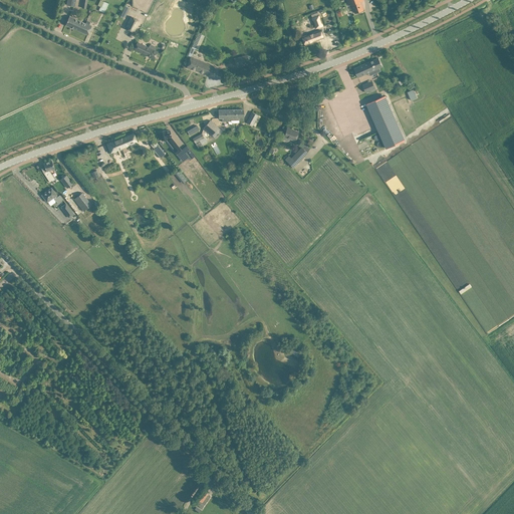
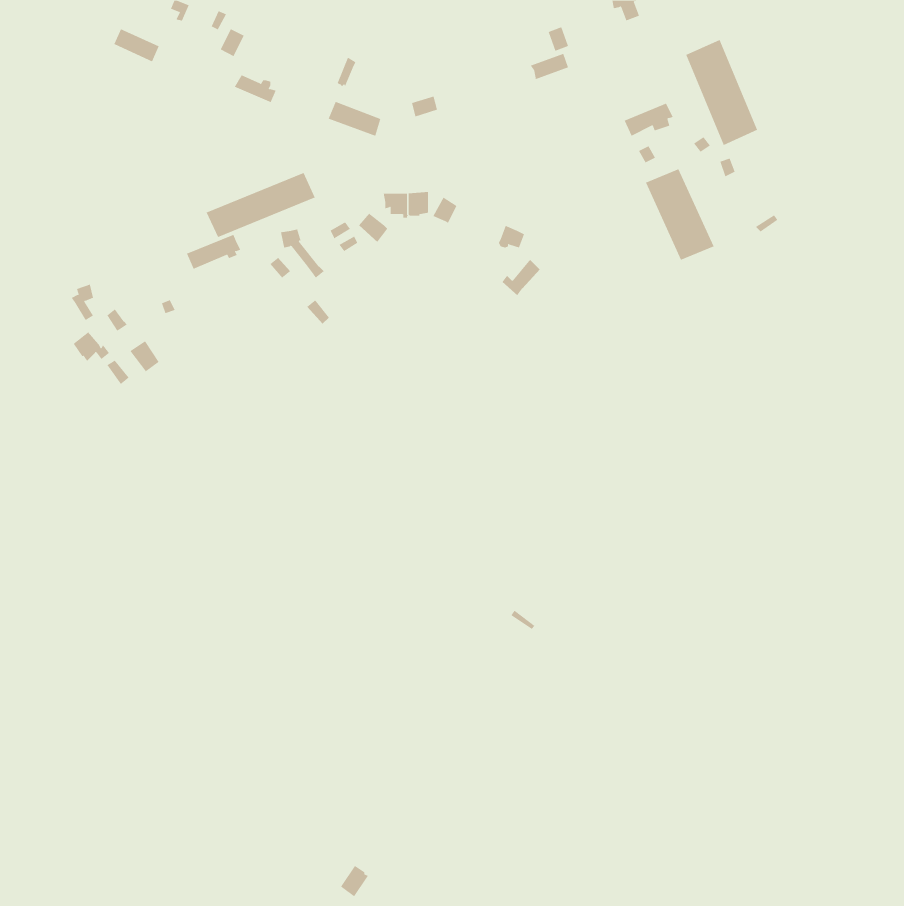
building: none -> [686,39,758,146]
building: none -> [206,172,316,238]

